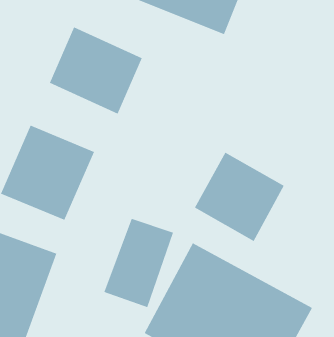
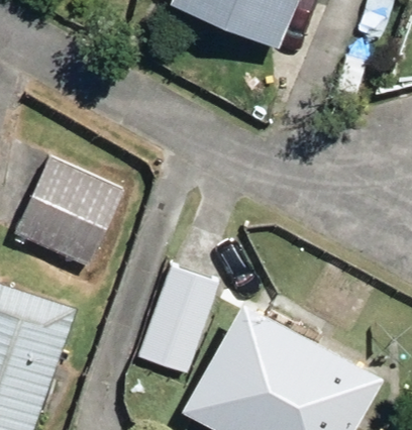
building: [49,26,143,114] -> none
building: [194,152,285,242] -> none

